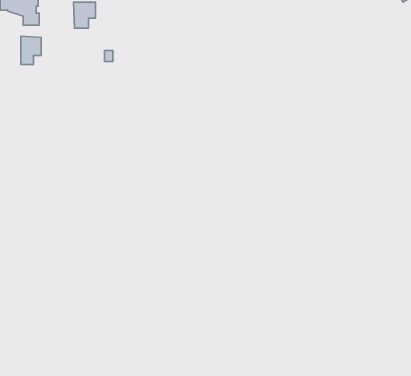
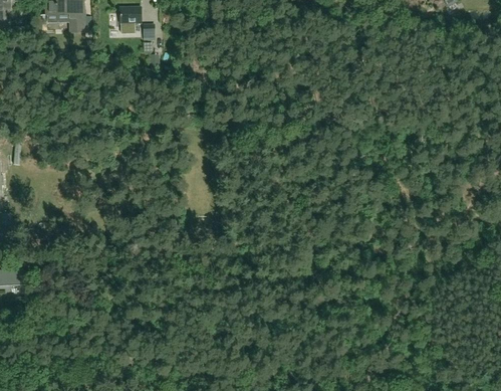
building: [21,36,41,65] -> none

